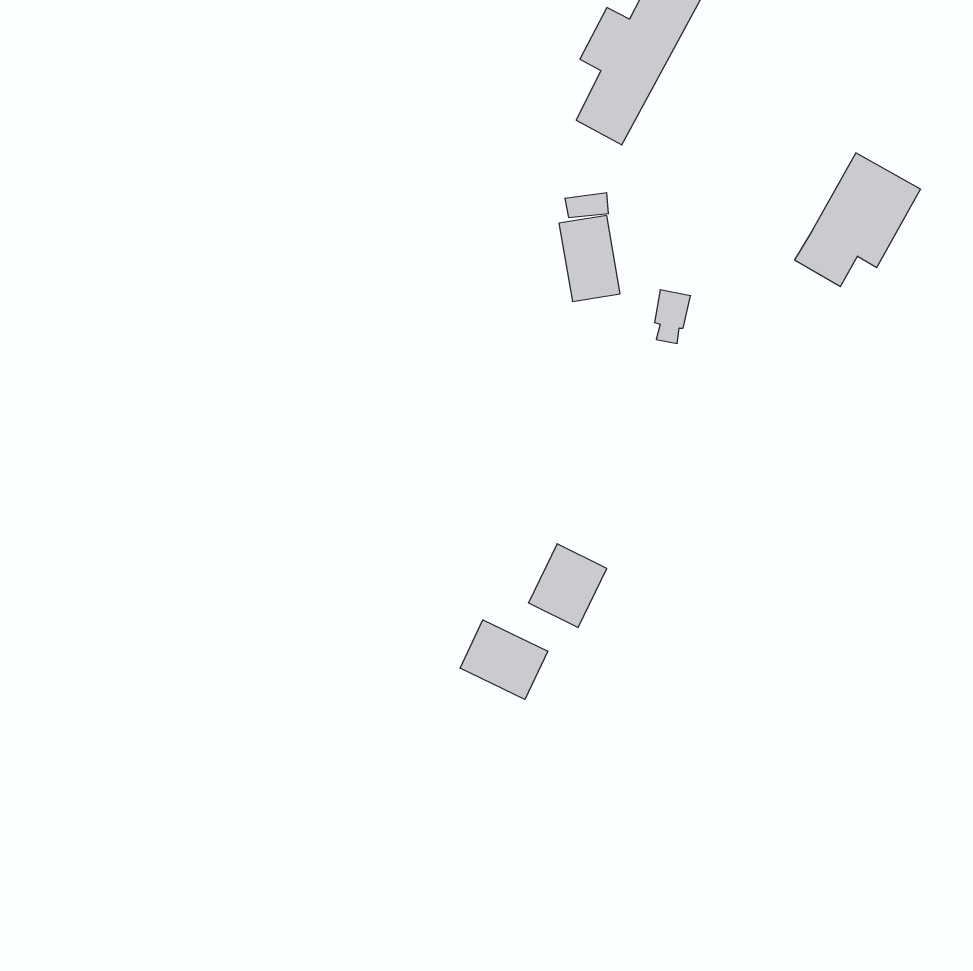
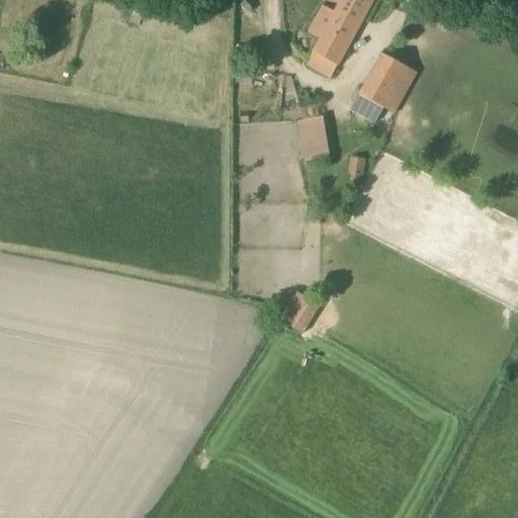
building: [795,153,921,287] -> [349,52,416,122]
building: [460,620,548,699] -> none

